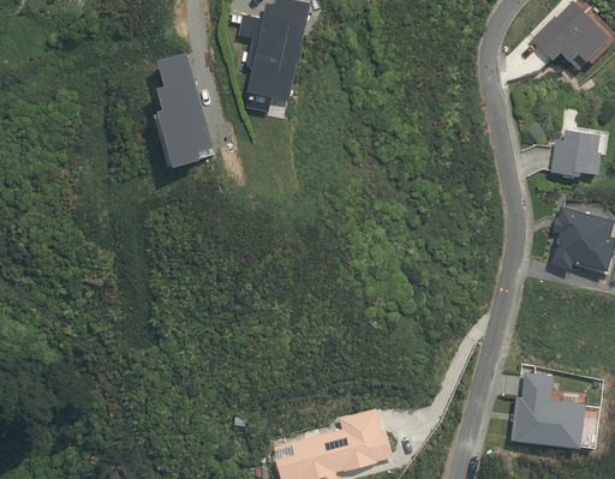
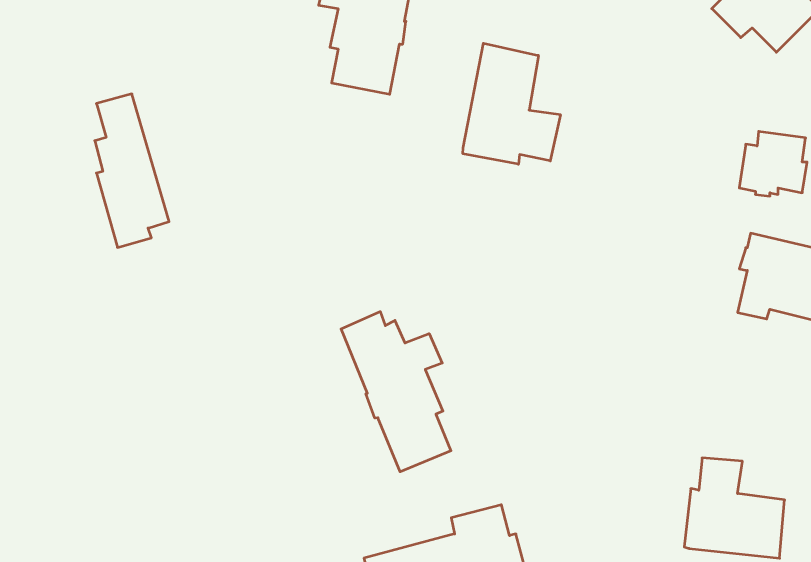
building: [156,52,211,166] -> [95,94,169,247]
building: none -> [463,43,560,164]
building: none -> [341,312,451,472]

